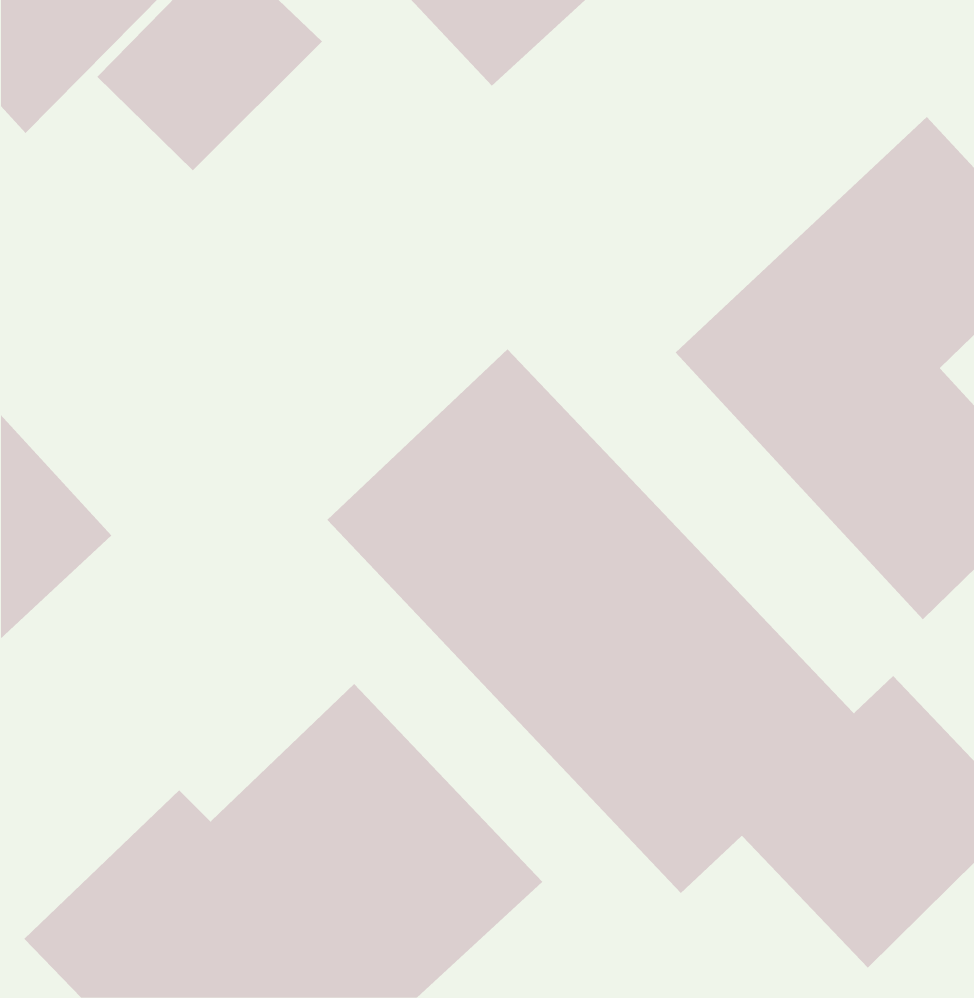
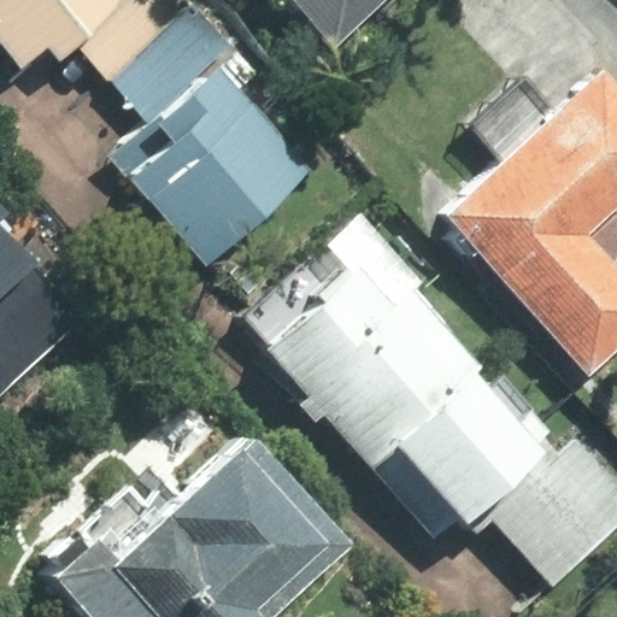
building: none -> [92,58,304,270]

